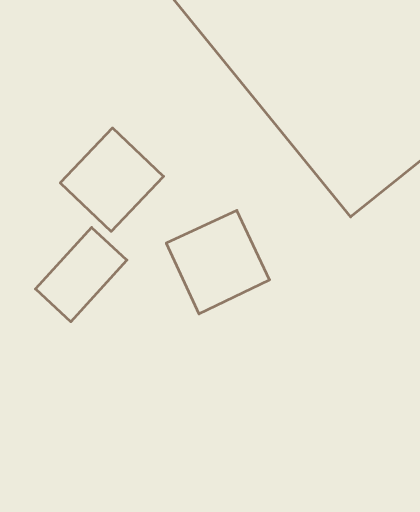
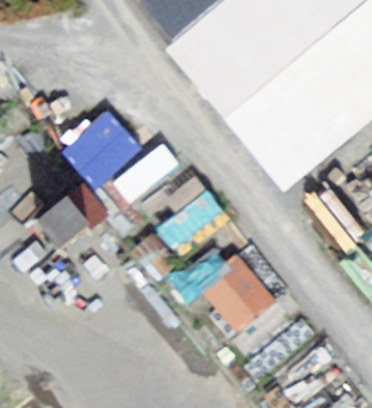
building: none -> [199,244,285,329]

